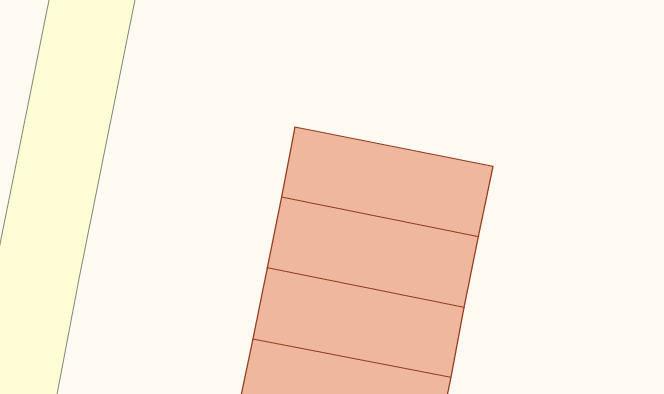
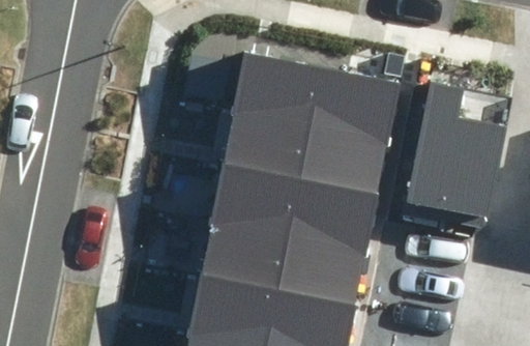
building: none -> [233,53,400,140]
building: none -> [410,82,503,211]

